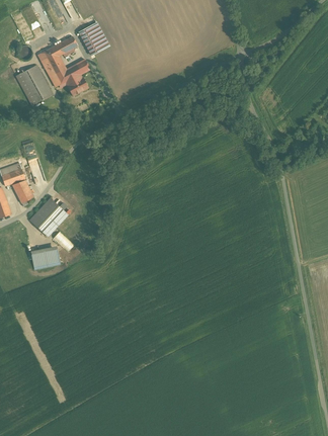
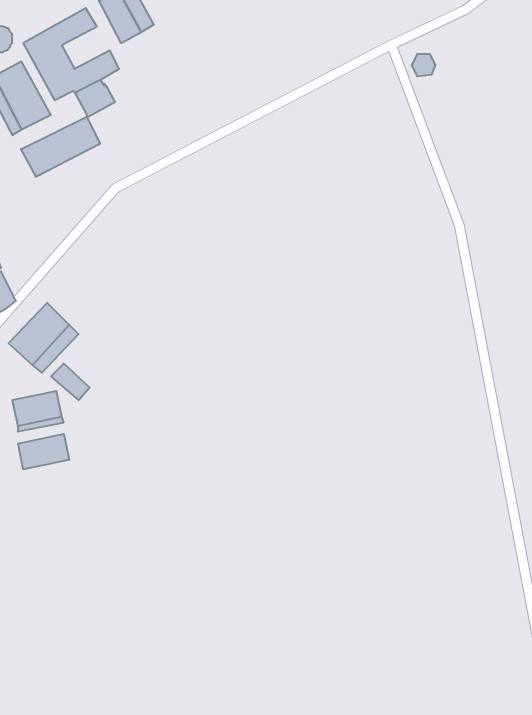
building: none -> [21,117,100,177]
building: none -> [18,434,69,469]

